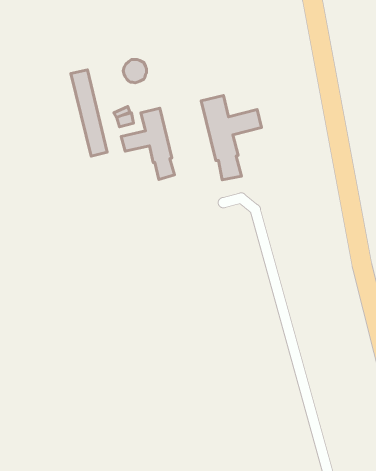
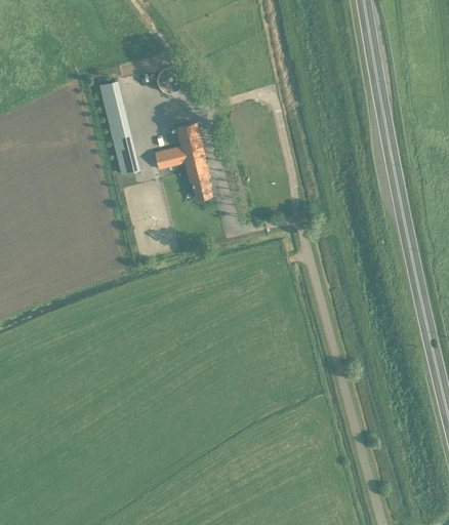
building: [201,95,262,180] -> none

